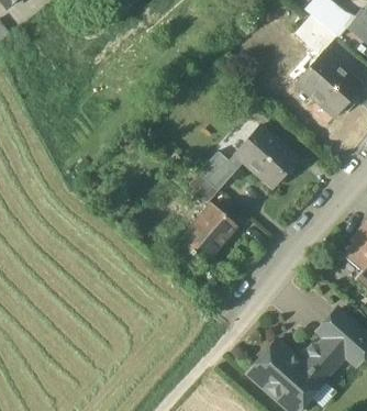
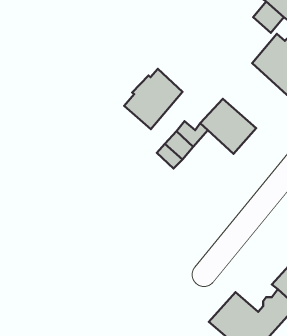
building: none -> [124,69,183,129]
building: [179,203,237,263] -> none

